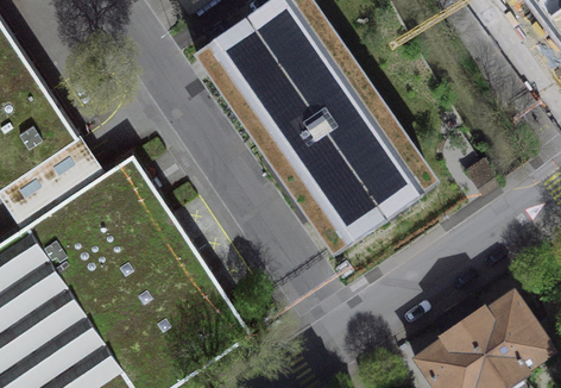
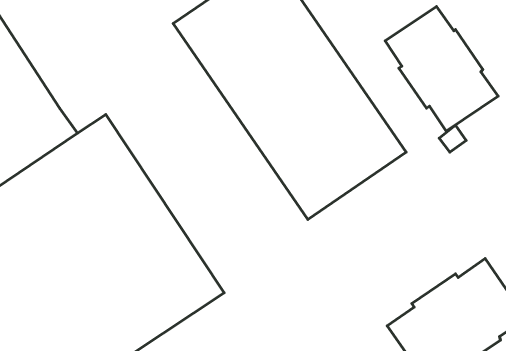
building: none -> [385,7,498,131]

